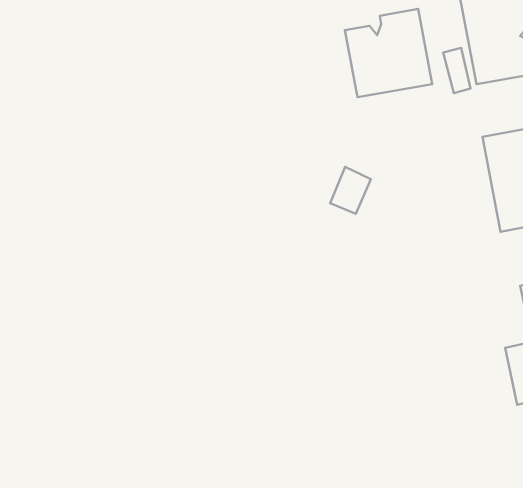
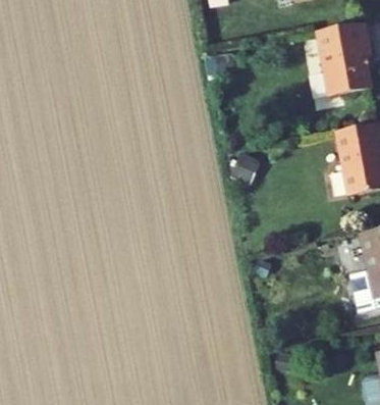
building: [345,9,432,97] -> none

